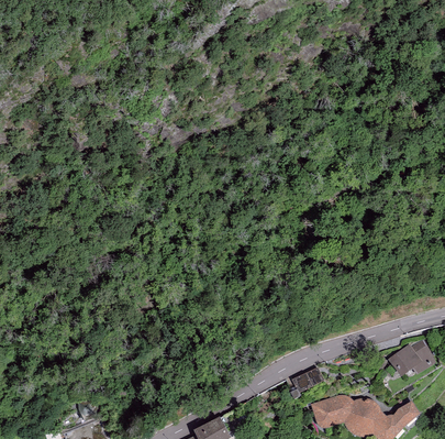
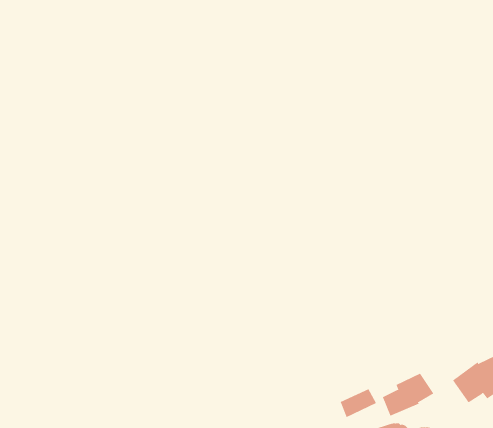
building: none -> [382,373,434,416]

